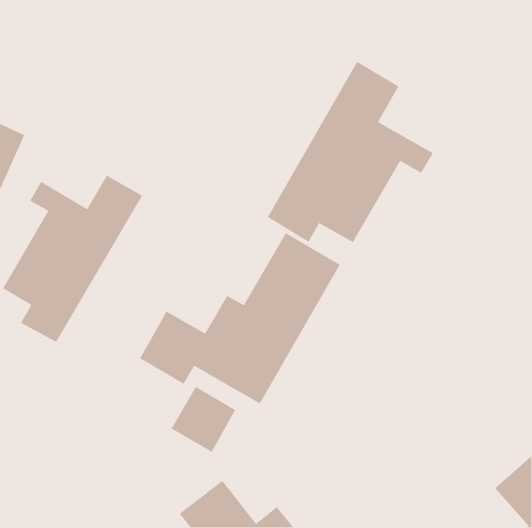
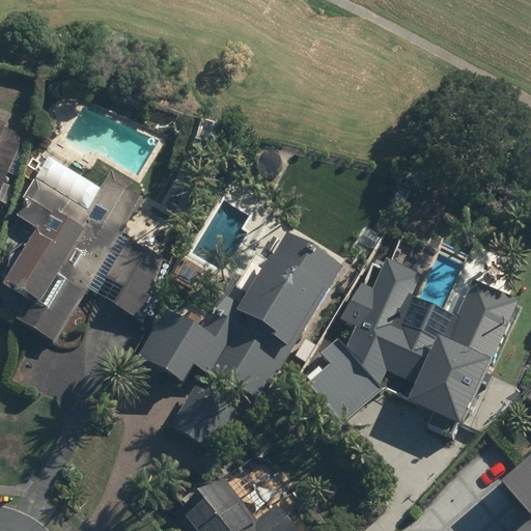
building: [267,61,434,243] -> none
building: none -> [105,239,161,318]
building: none -> [307,256,520,427]

